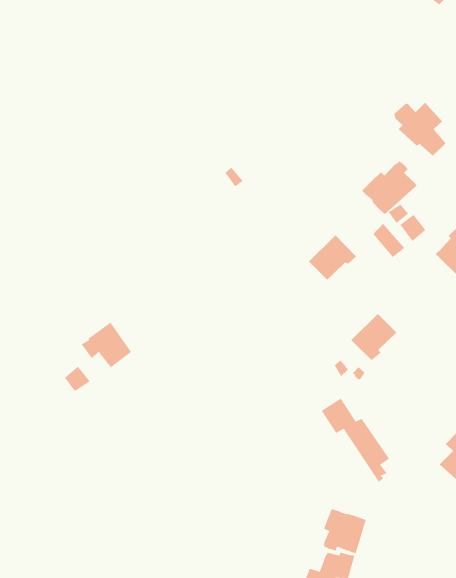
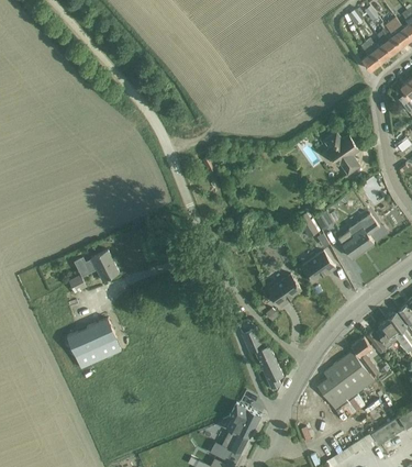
building: [362,160,417,215] -> none
building: [308,234,357,281] -> [302,252,336,282]
building: none -> [67,319,120,368]

